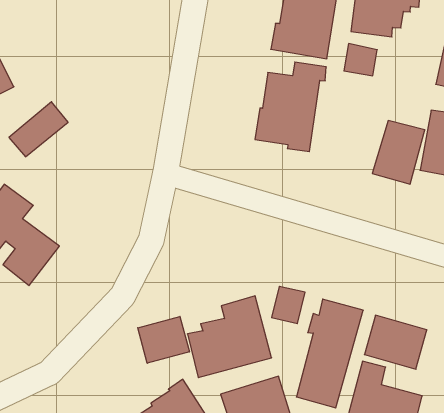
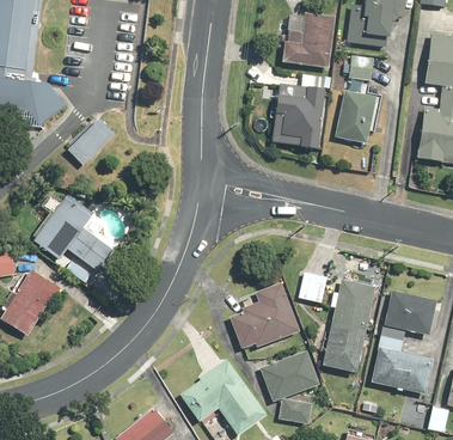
building: [372,121,425,184] -> [335,91,378,145]
building: [138,316,189,363] -> none

